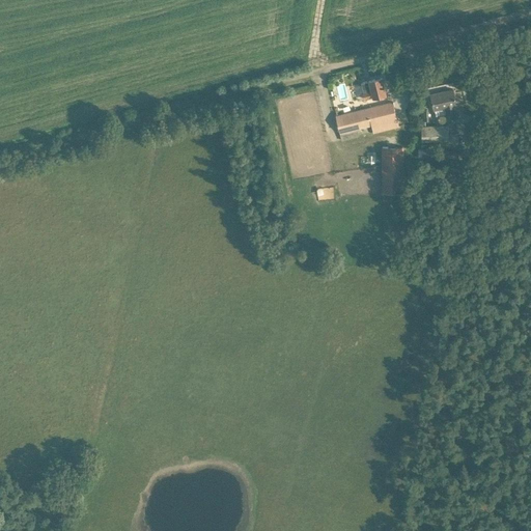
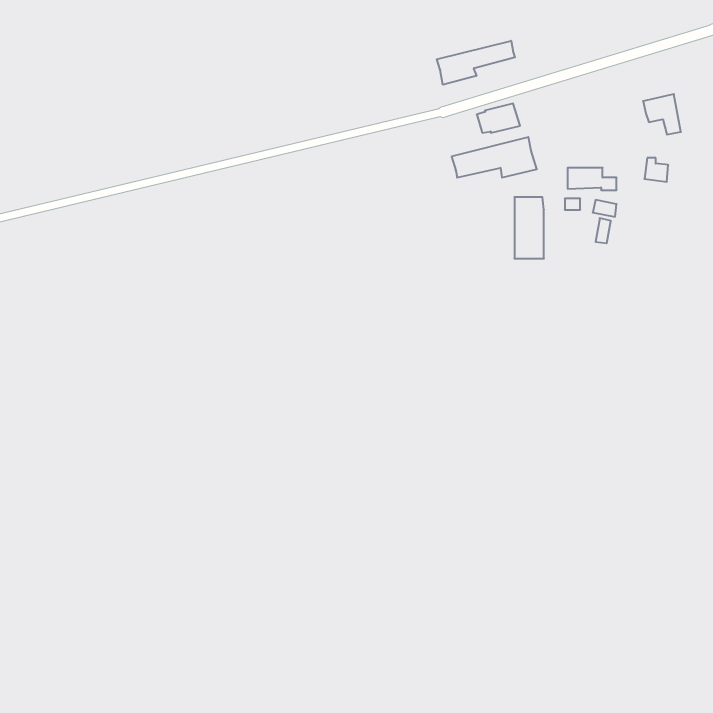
building: none -> [437,41,515,85]
building: [429,89,457,119] -> [643,94,681,135]

